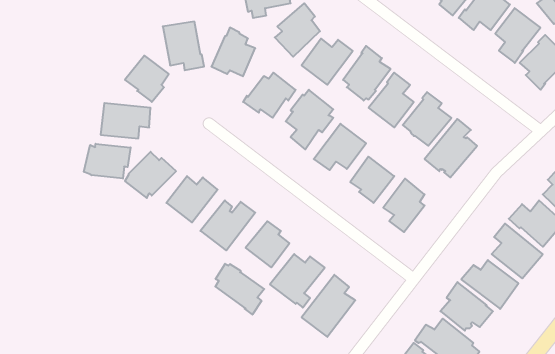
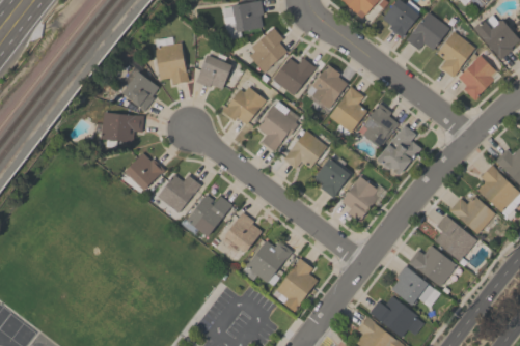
building: [84,144,131,179] -> none
building: [215,264,264,315] -> none

